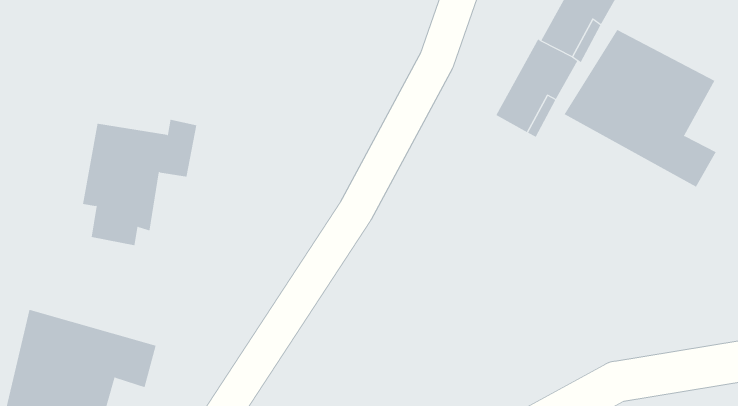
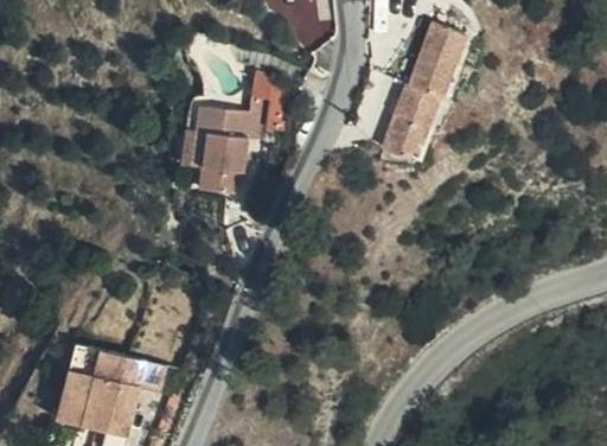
building: [564,29,716,188] -> none
building: [82,119,197,246] -> [190,94,267,193]

